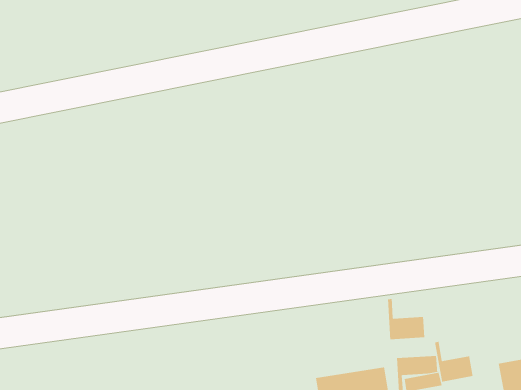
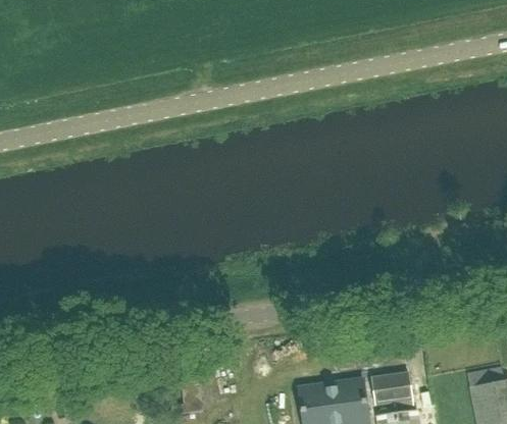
building: [387,298,425,340] -> none
building: [435,341,473,383] -> none

